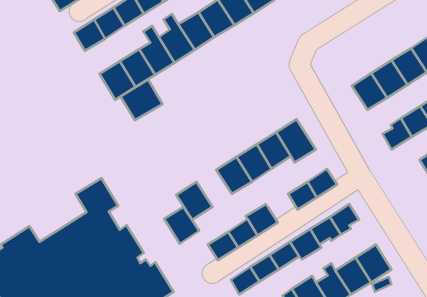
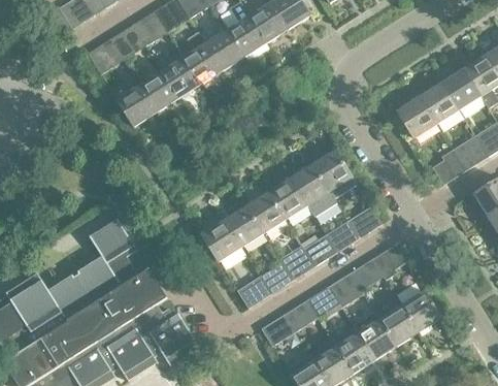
building: [120,80,162,120] -> none
building: none -> [304,233,337,265]
building: [164,207,199,244] -> [225,206,264,248]

